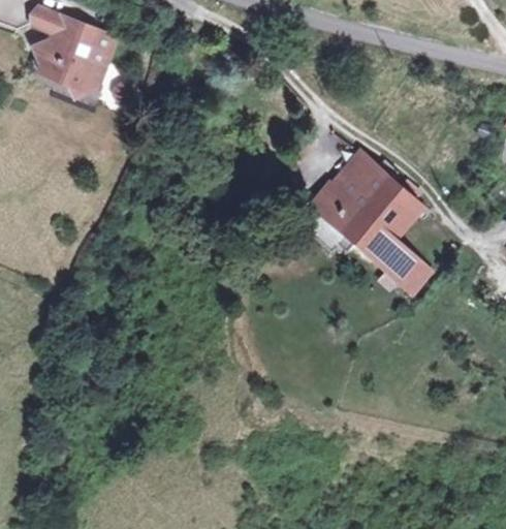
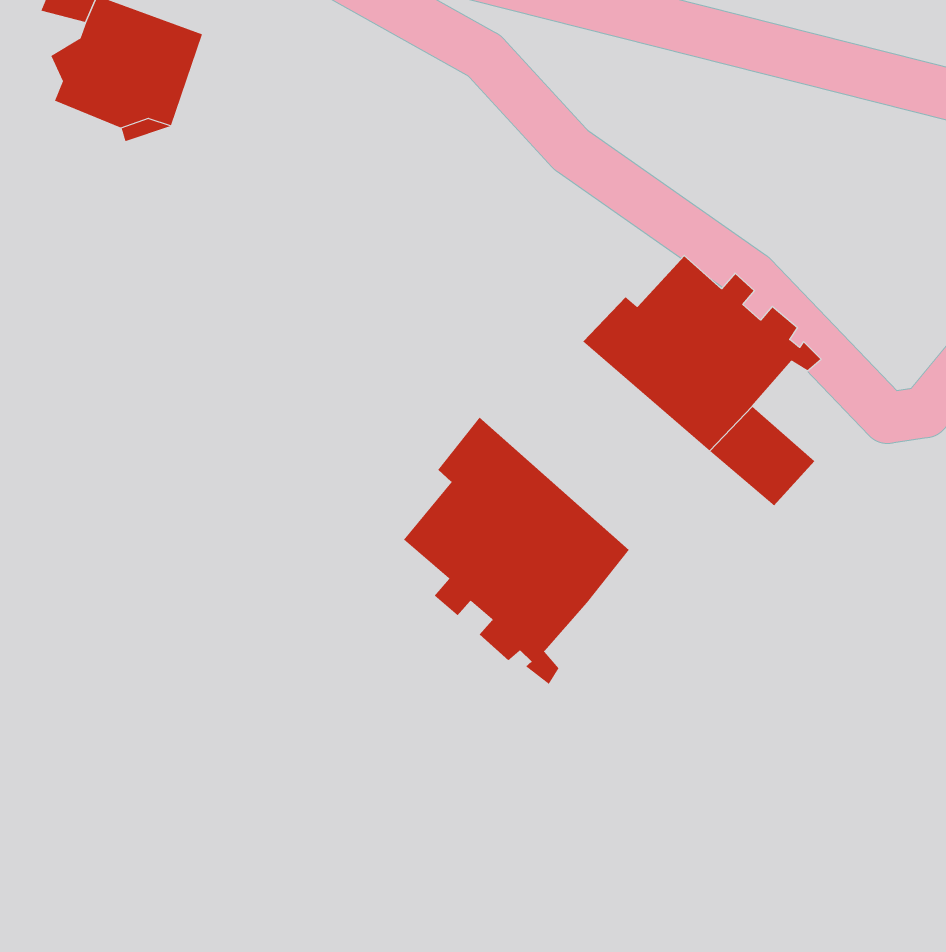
building: none -> [403,417,629,685]

